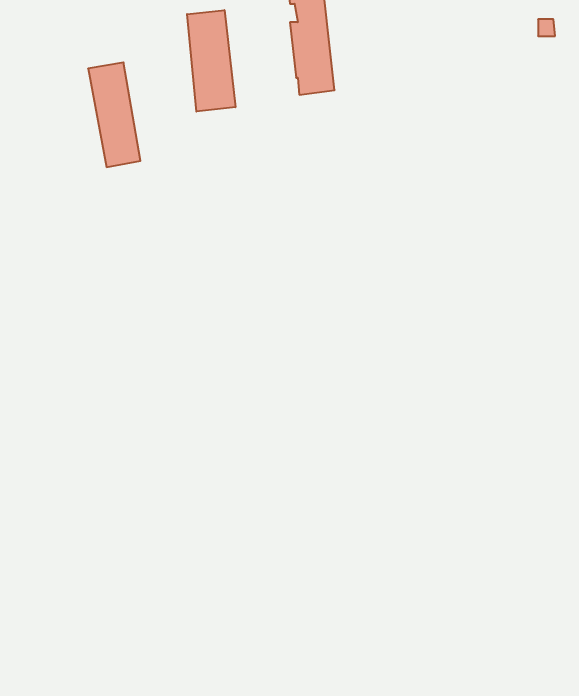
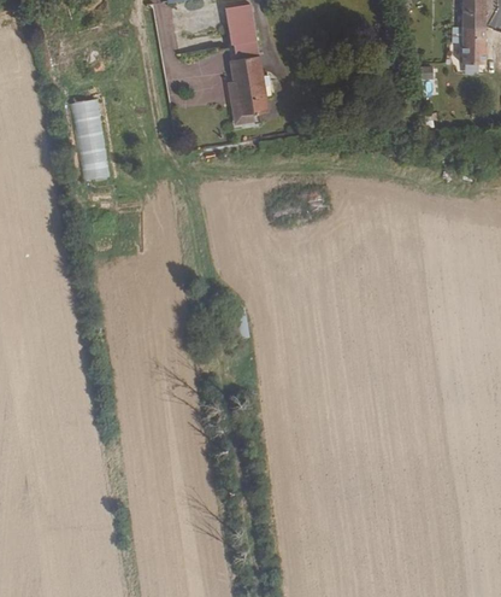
building: [187,10,235,112] -> none

